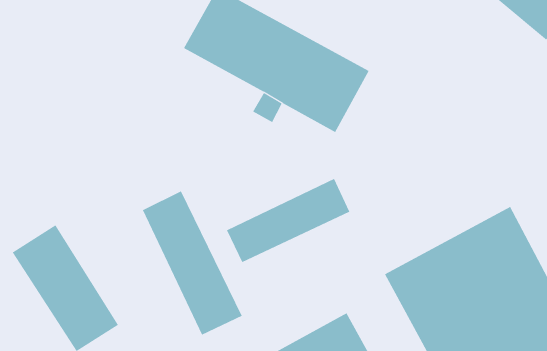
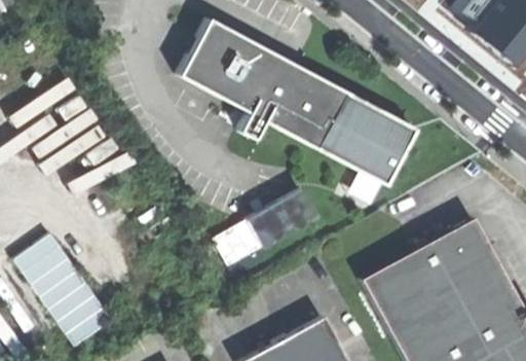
building: none -> [314,92,414,185]
building: [142,191,242,336] -> none

